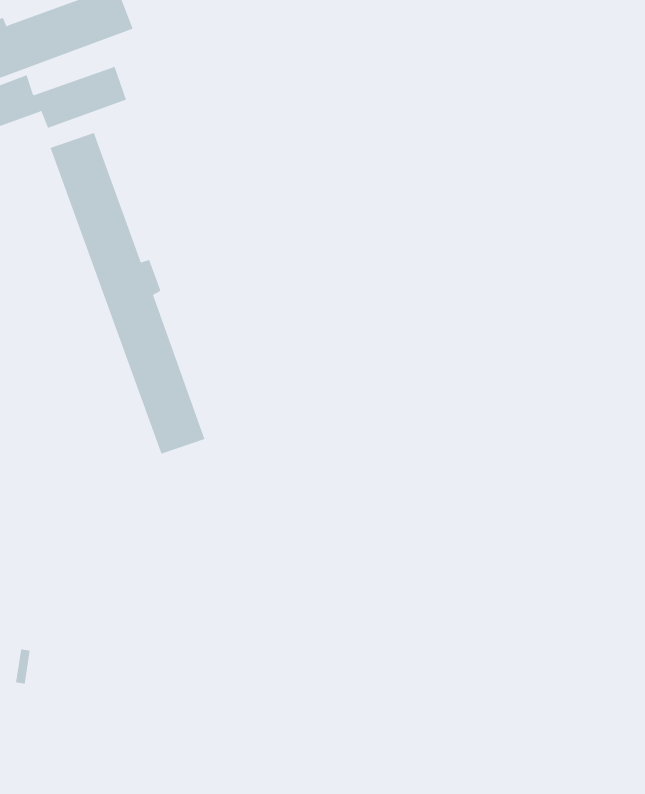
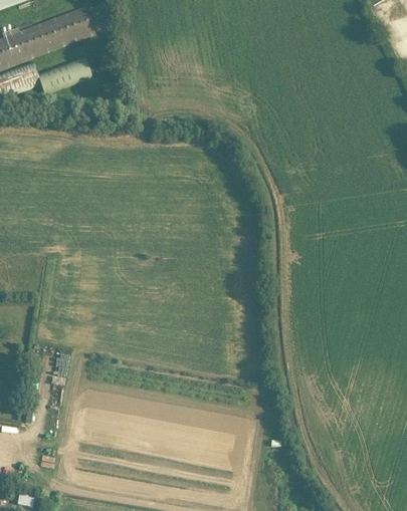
building: [50,132,205,455] -> none

